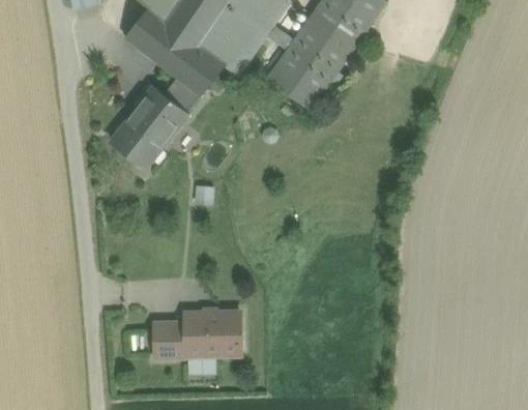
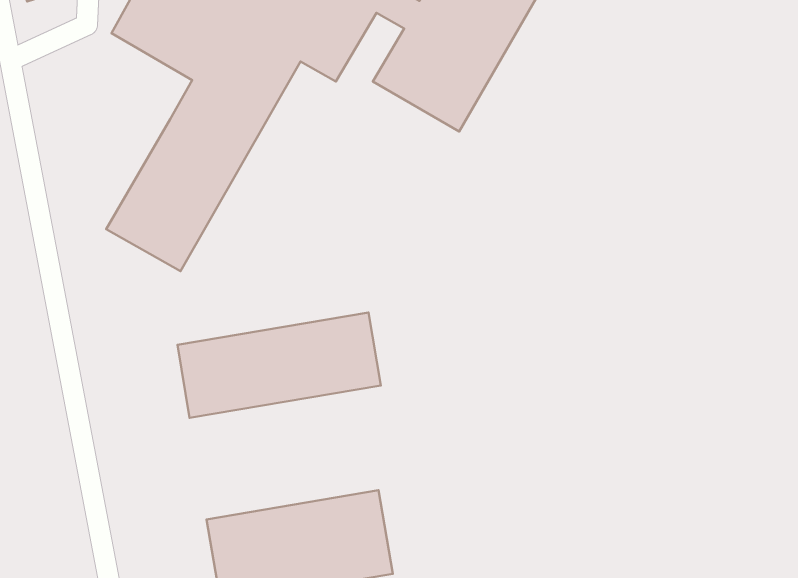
building: none -> [177,313,381,418]

